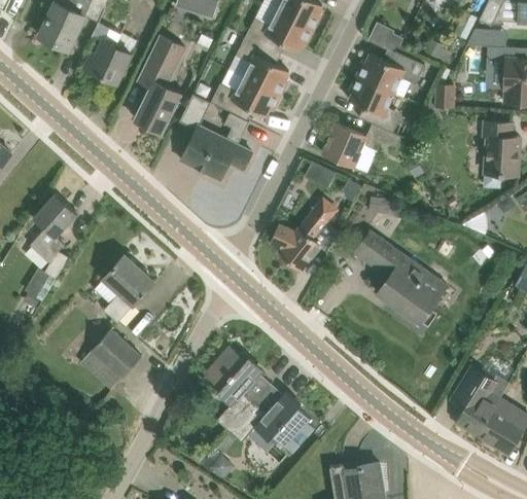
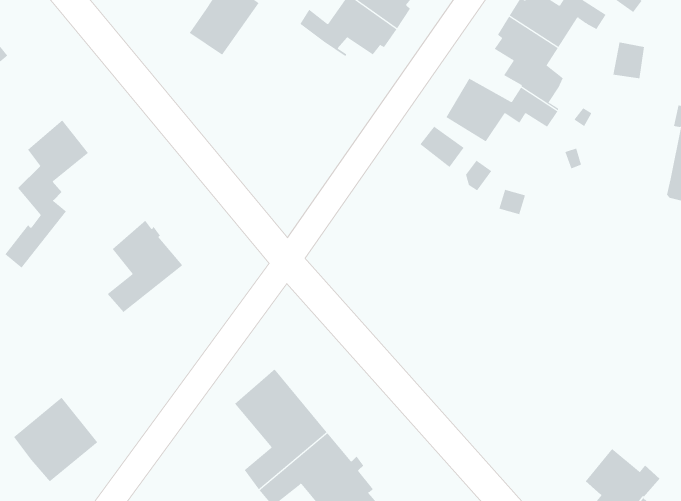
building: [179,95,251,181] -> none
building: [270,198,339,272] -> none
building: [351,229,448,327] -> none
building: [81,328,141,389] -> [13,397,98,482]

